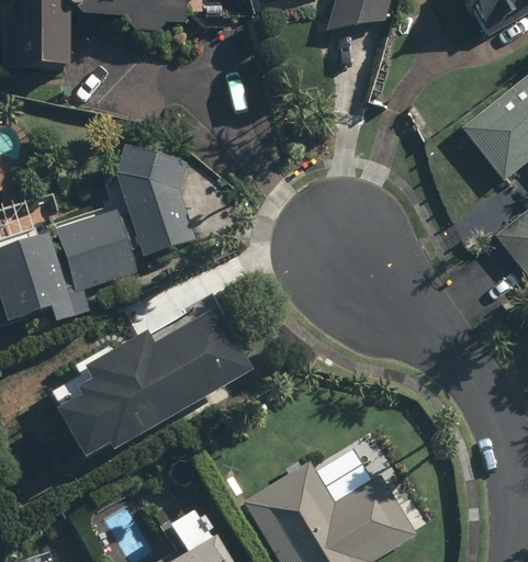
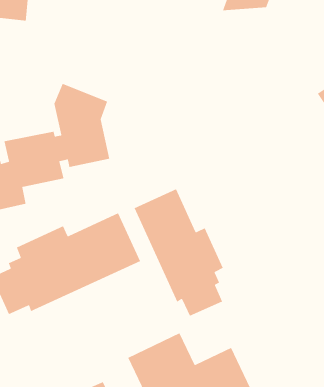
building: none -> [133,188,224,317]

